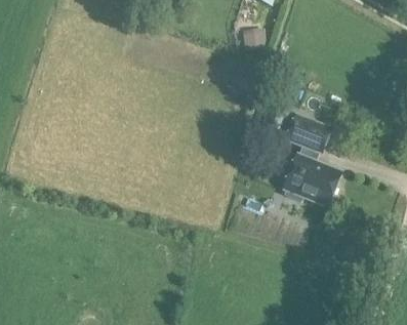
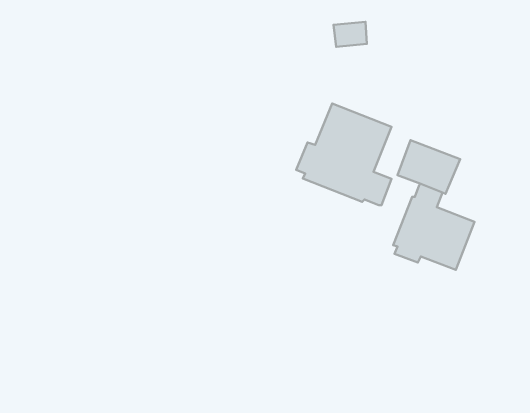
building: none -> [296,104,392,205]

